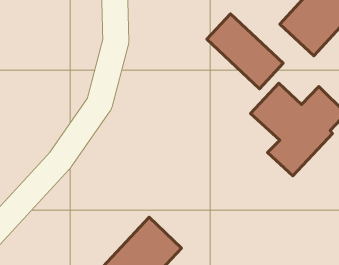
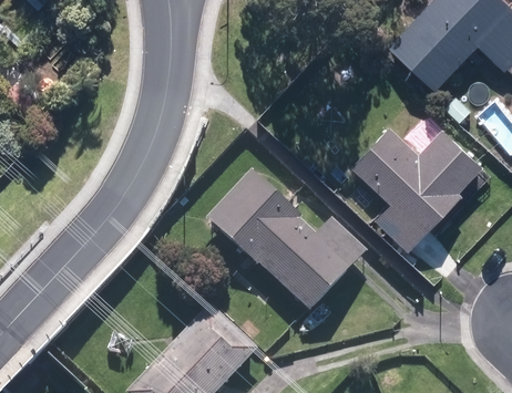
building: [207,14,283,89] -> none
building: none -> [206,173,363,312]

